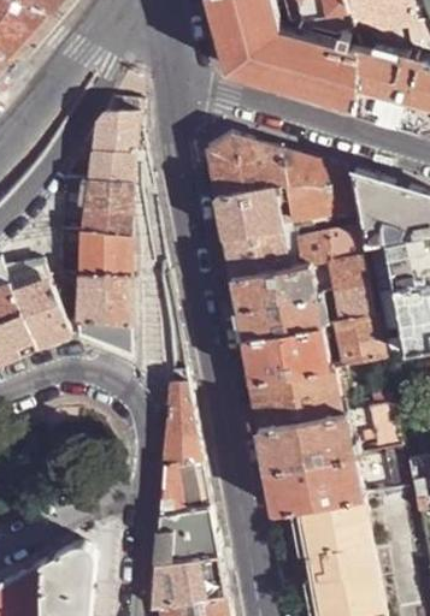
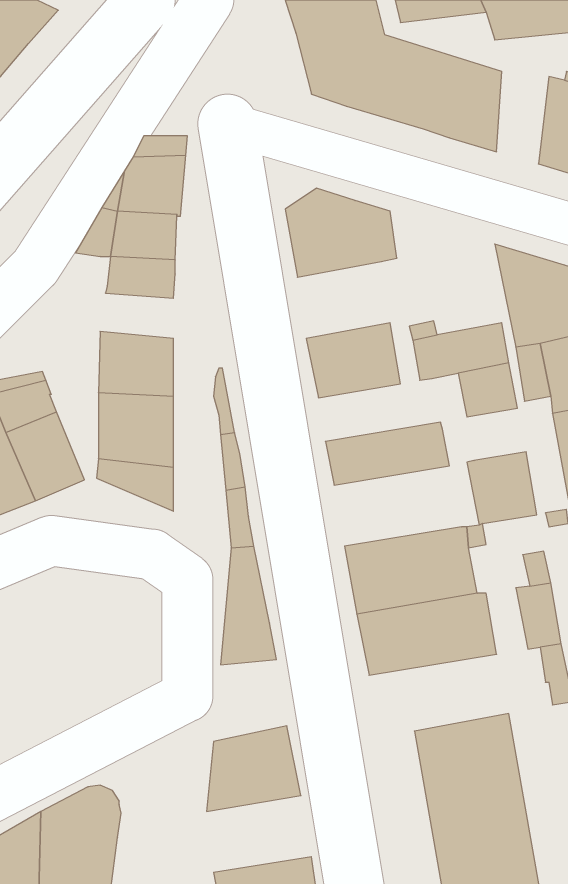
building: [354,48,390,118] -> none
building: [281,150,354,221] -> none
building: [217,185,282,238] -> none
building: [81,207,131,238] -> none
building: [231,266,316,309] -> none
building: [334,286,375,322] -> none
building: [242,326,330,381] -> none
building: [266,456,363,513] -> none
building: [159,460,210,516] -> none
building: [151,553,226,609] -> none

